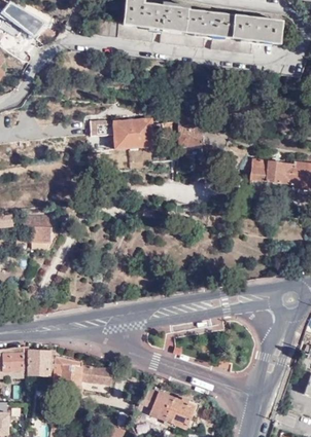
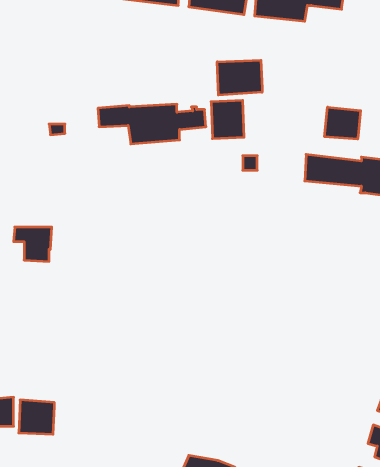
building: none -> [217,60,262,95]
building: none -> [325,107,361,139]
building: [54,354,113,386] -> none

